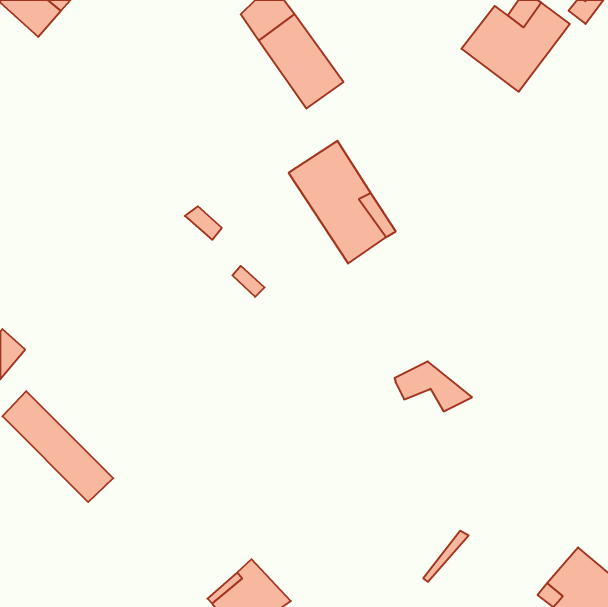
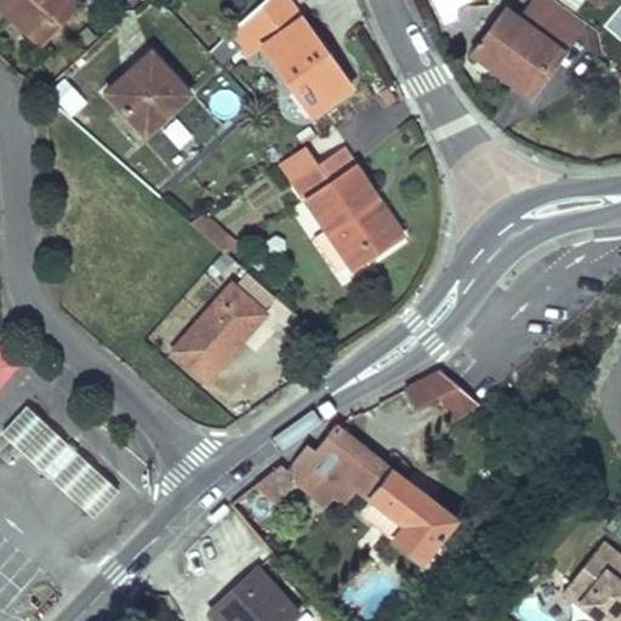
building: none -> [107,52,190,133]
building: none -> [175,284,264,378]
building: none -> [232,429,454,564]

